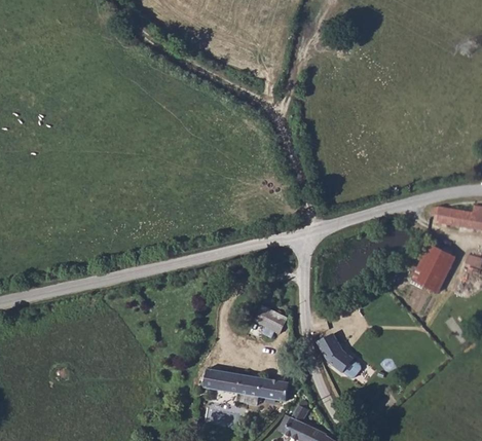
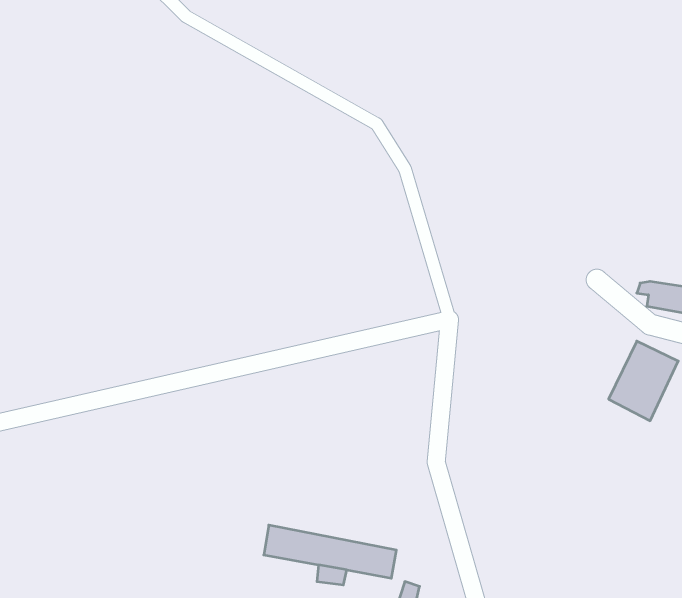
building: [254,307,288,339] -> none
building: [318,335,354,375] -> none

